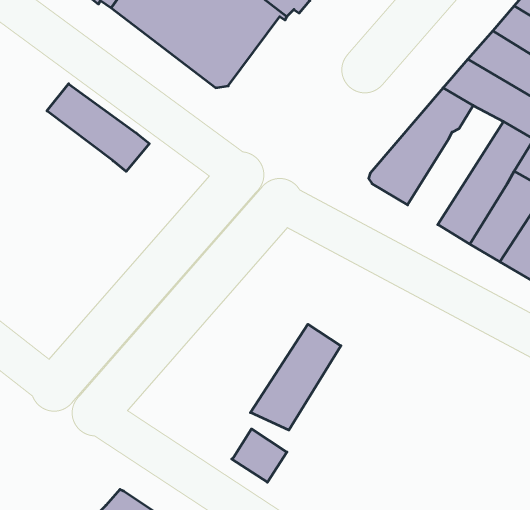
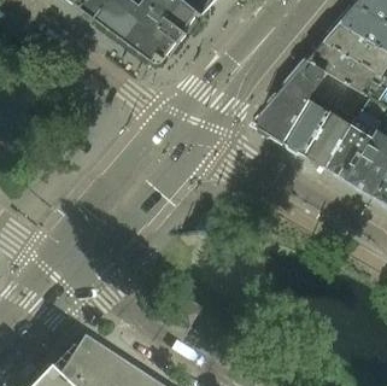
building: [47,84,149,171] -> none
building: none -> [282,74,347,154]
building: [250,324,341,430] -> none

